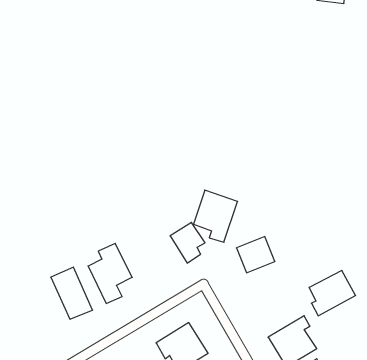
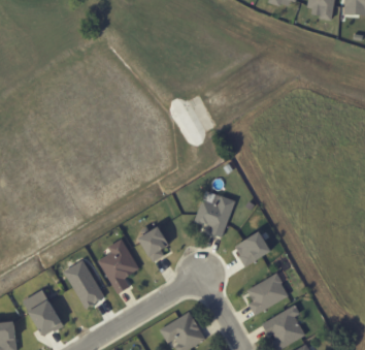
building: [170,222,205,263] -> [136,226,168,263]
building: [309,270,356,316] -> [247,274,290,315]
building: none -> [24,290,60,337]

